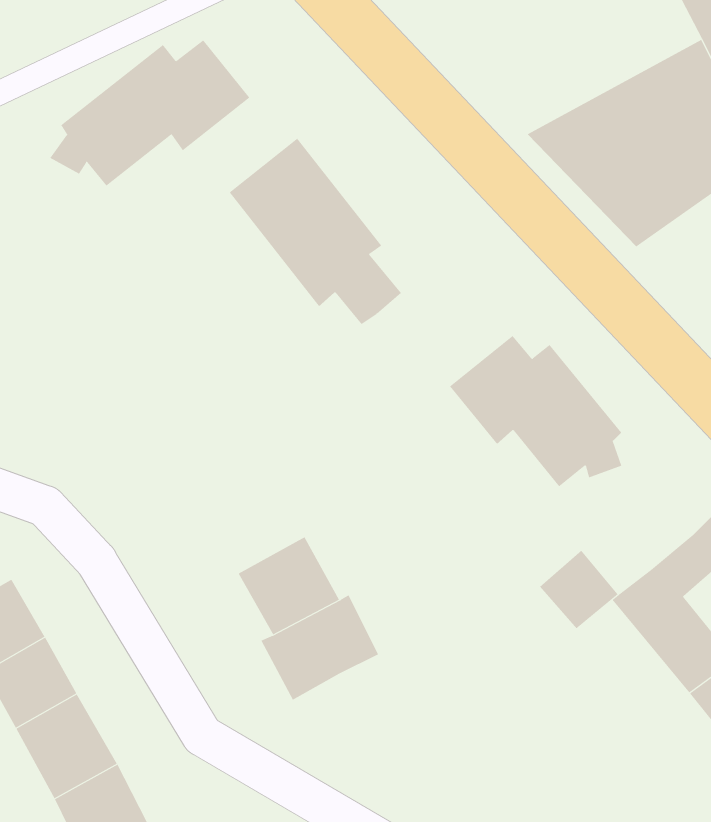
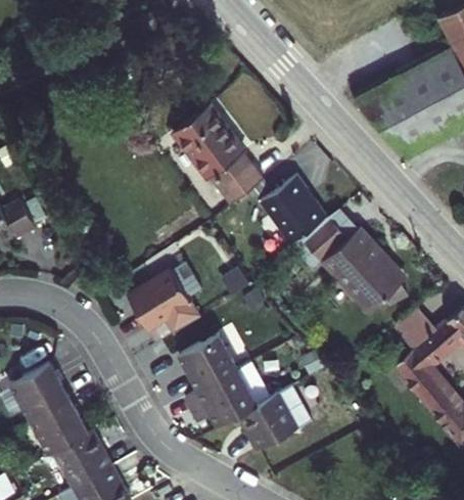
building: [49,40,250,187] -> none
building: none -> [260,176,327,243]
building: none -> [126,269,200,344]
building: [539,550,619,629] -> [397,307,443,353]
building: none -> [238,392,297,448]

